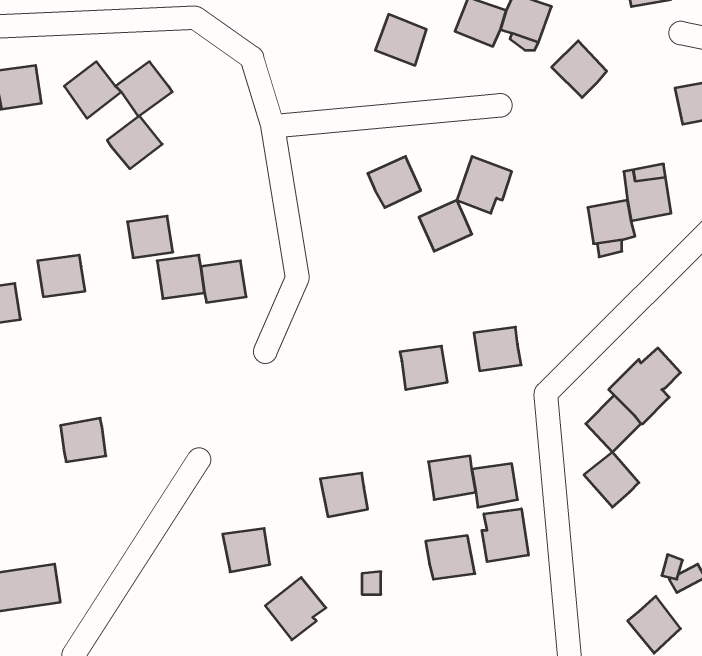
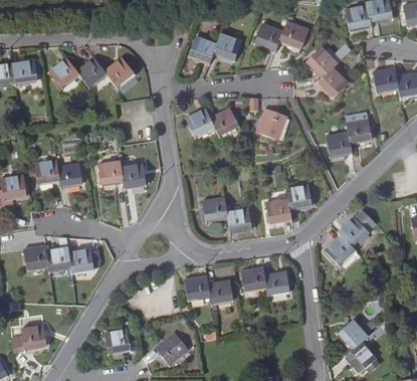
building: none -> [189,37,217,63]
building: none -> [317,69,347,100]
building: [107,116,162,169] -> [105,58,134,86]
building: [419,200,472,251] -> [186,109,214,136]
building: [127,216,173,258] -> [58,164,82,186]
building: none -> [287,186,311,208]
building: none -> [203,197,228,220]
building: none -> [24,246,49,268]
building: none -> [69,249,93,272]
building: [584,452,639,507] -> [339,321,368,350]
building: [482,509,528,562] -> none
building: [223,528,270,572] -> [106,330,131,353]
building: [426,536,475,579] -> [208,280,234,304]

